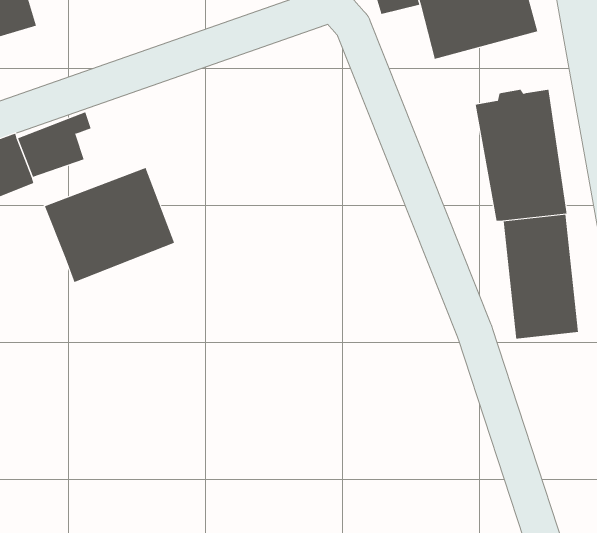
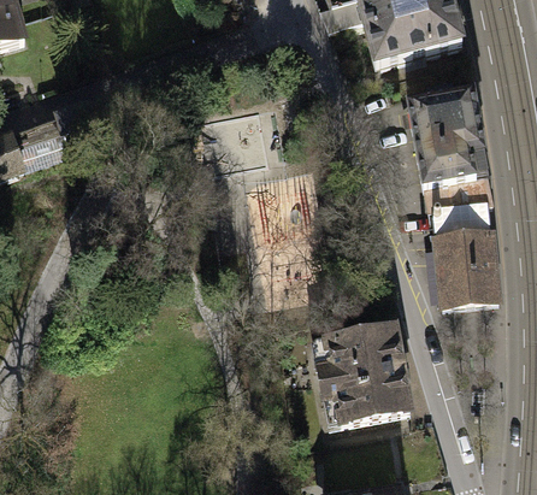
building: [44,167,175,283] -> none
building: none -> [314,325,407,425]

